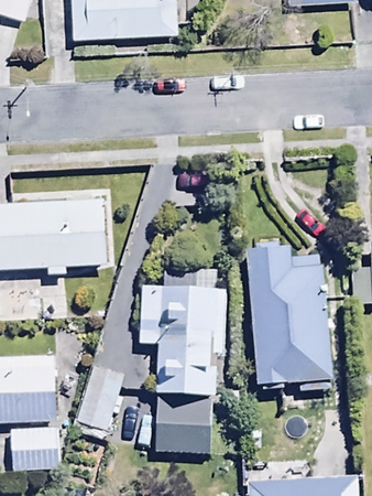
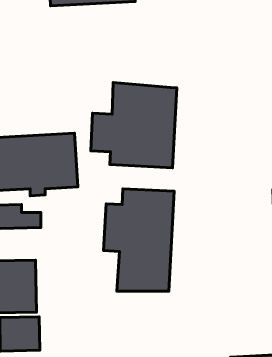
building: none -> [91,82,177,168]
building: [244,241,333,391] -> none
building: [153,395,214,453] -> none

